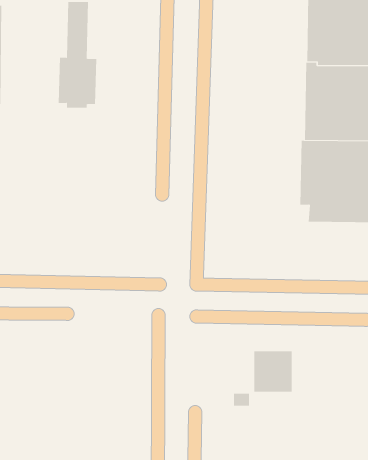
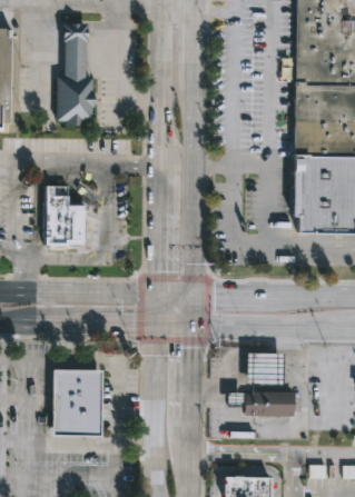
building: none -> [42,185,86,243]
building: none -> [52,369,100,435]
building: none -> [245,391,293,414]

